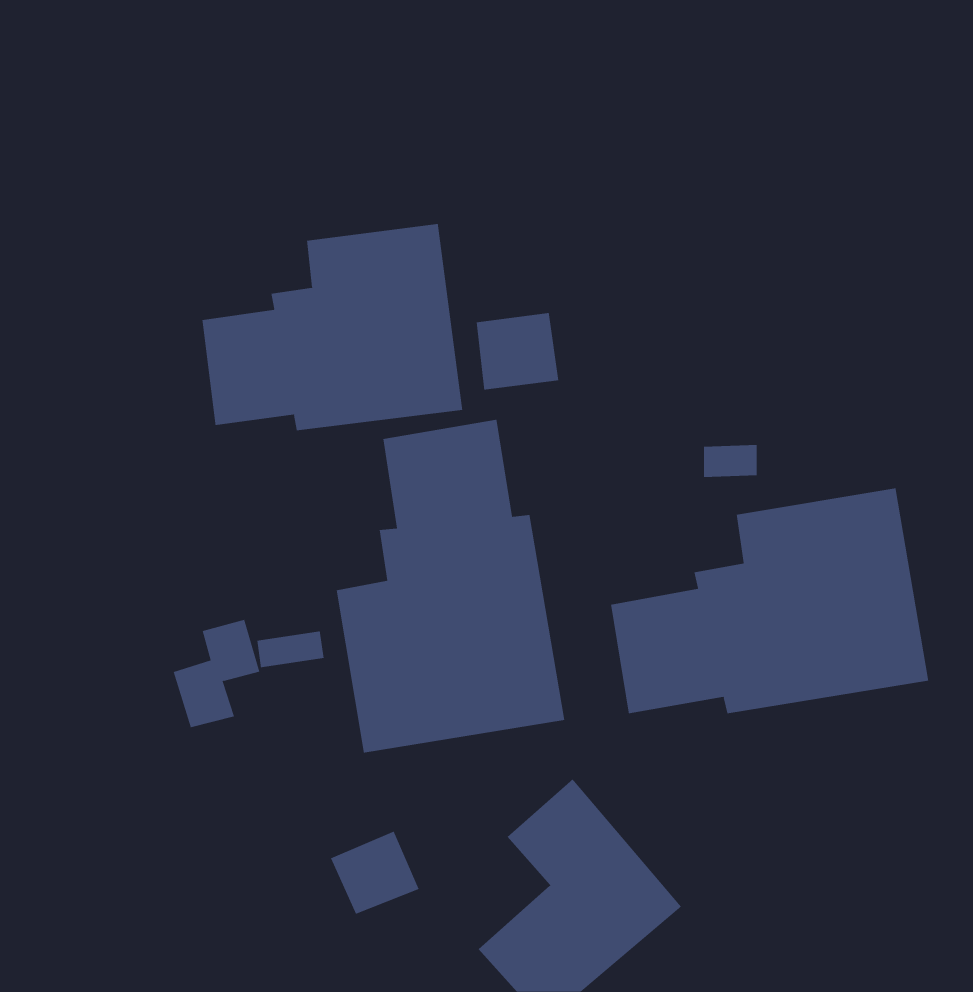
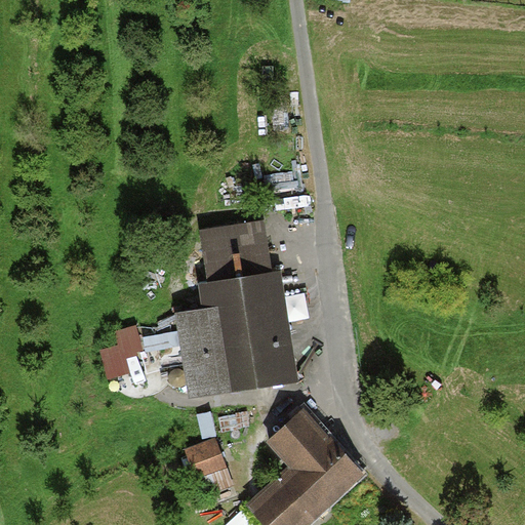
building: [202,223,463,431] -> none
building: [610,488,929,714] -> none

